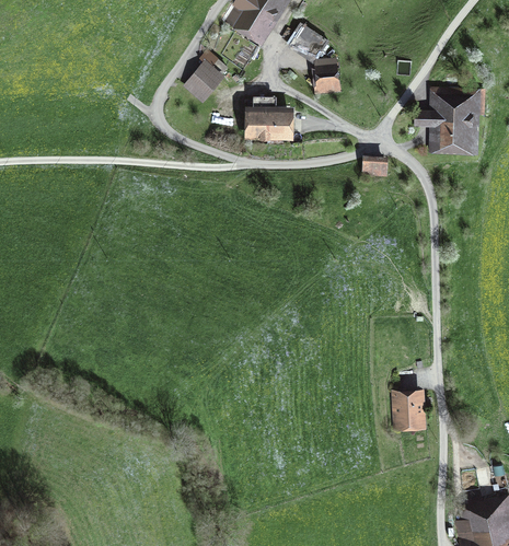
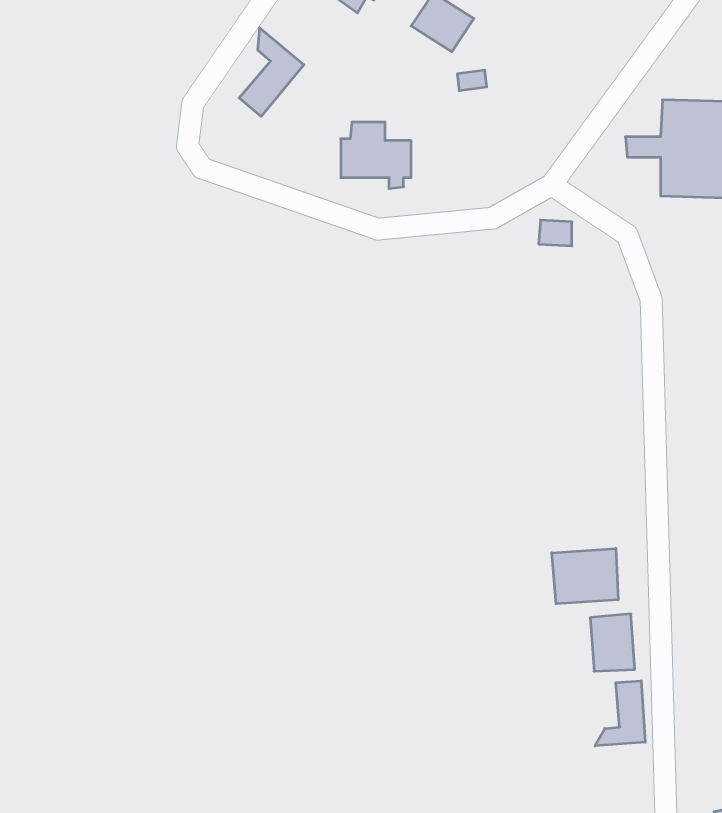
building: none -> [552,548,618,604]
building: none -> [595,681,645,746]

